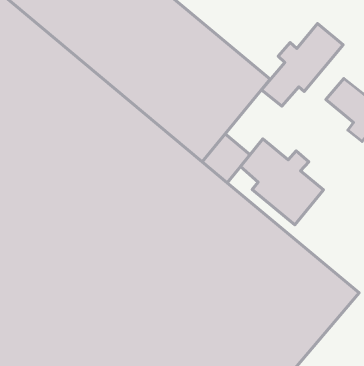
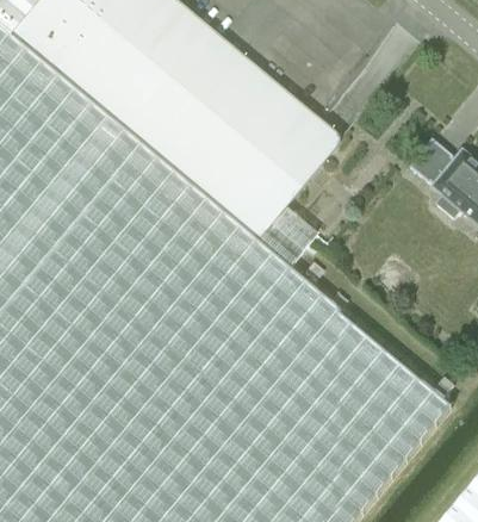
building: [262,24,343,106] -> none
building: [241,139,323,225] -> none

